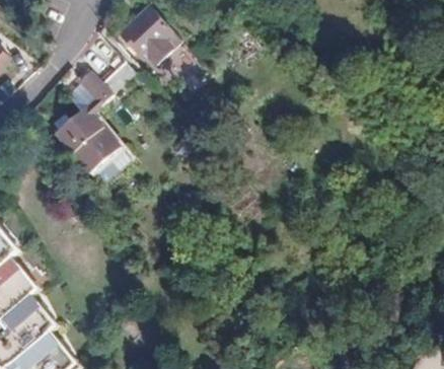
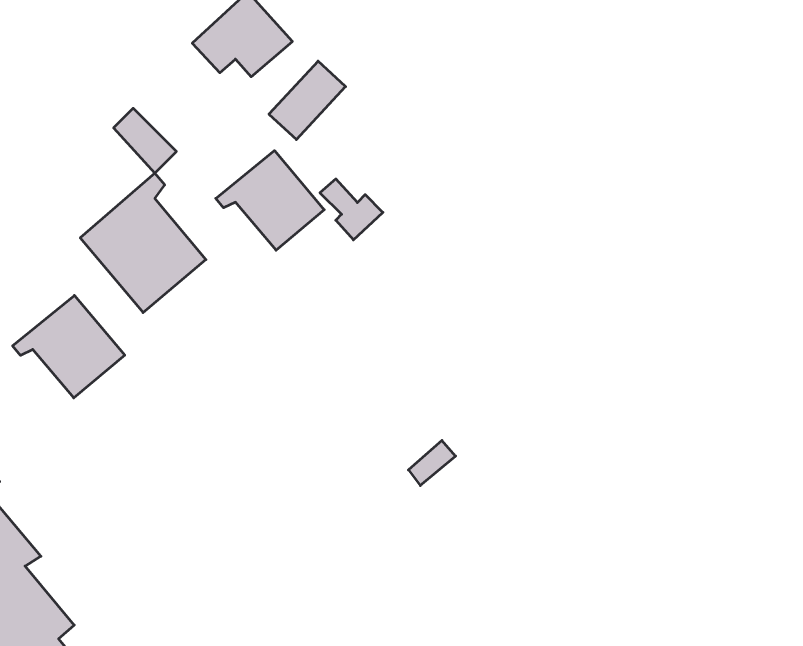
building: none -> [216,151,324,250]
building: none -> [13,295,125,398]

